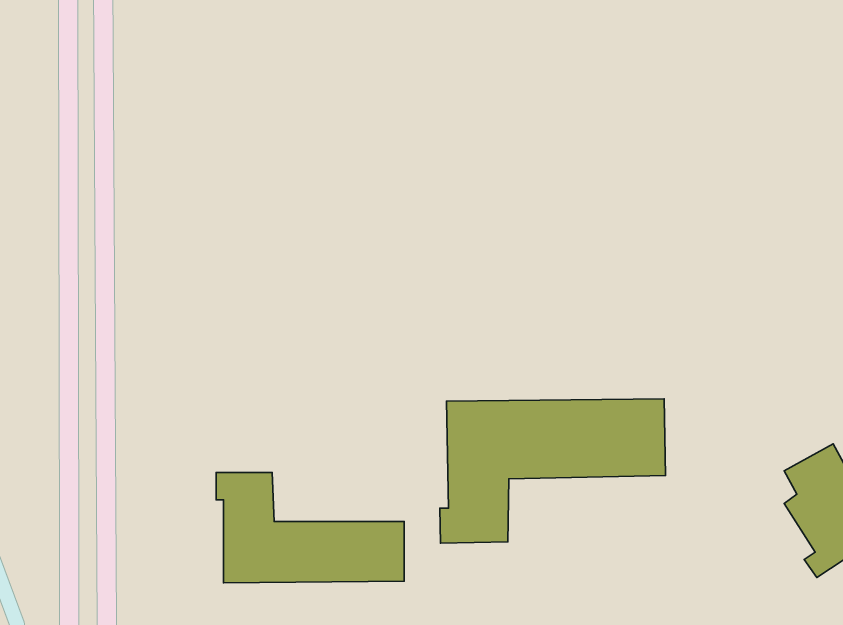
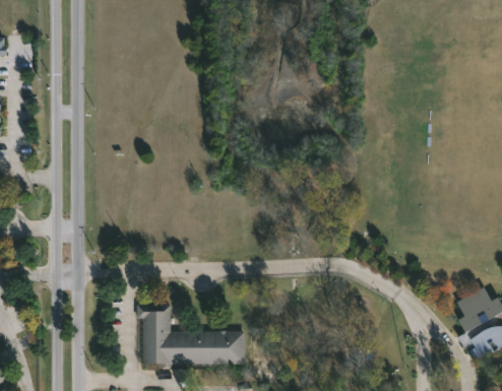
building: [440,399,666,543] -> none

